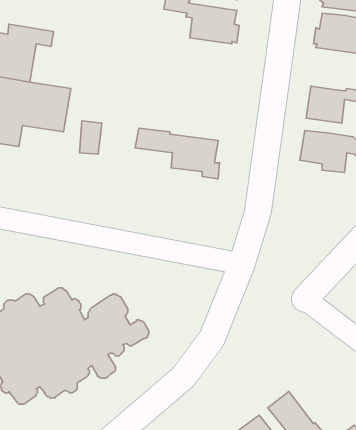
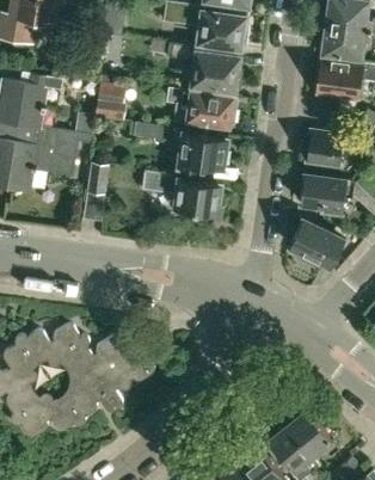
building: none -> [96,84,127,121]
building: none -> [167,87,235,127]
building: none -> [131,122,227,170]
building: none -> [289,219,345,267]
building: none -> [289,411,339,456]

